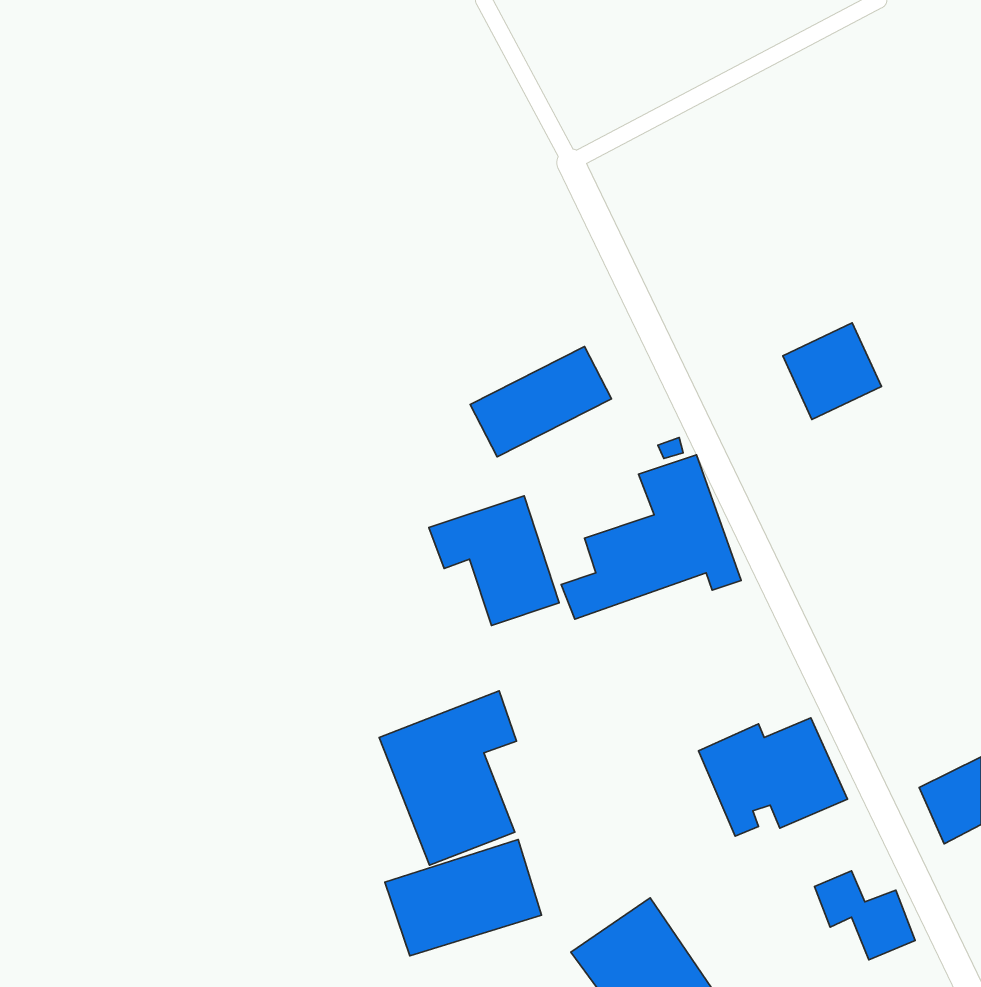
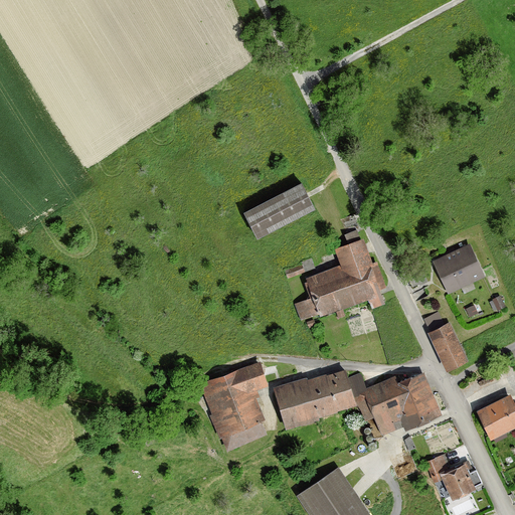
building: [783,323,881,420] -> [433,243,484,294]
building: [429,496,559,626] -> none
building: none -> [426,323,468,372]
building: [385,840,541,956] -> [274,369,355,430]

